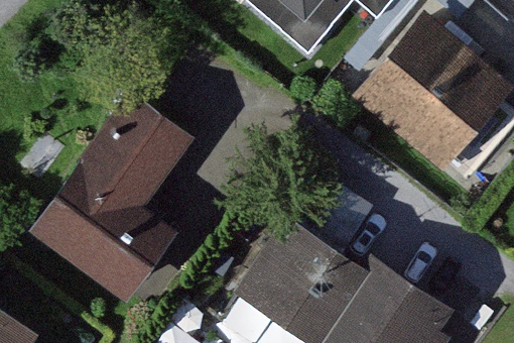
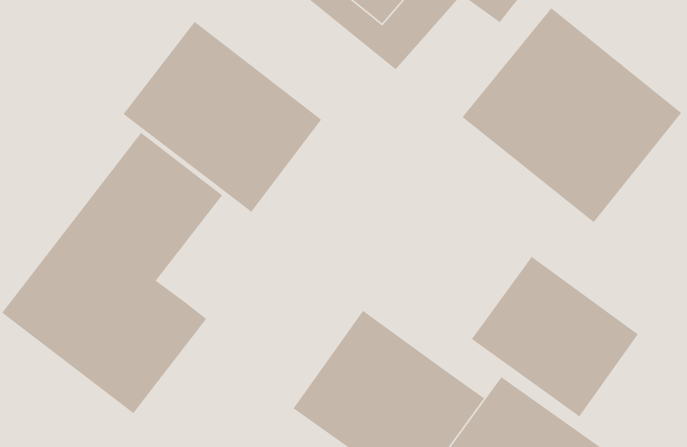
building: none -> [123,21,322,213]
building: none -> [471,256,639,417]

